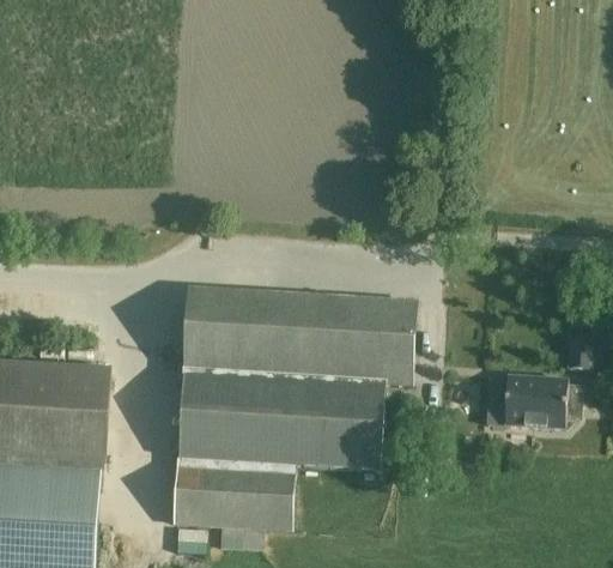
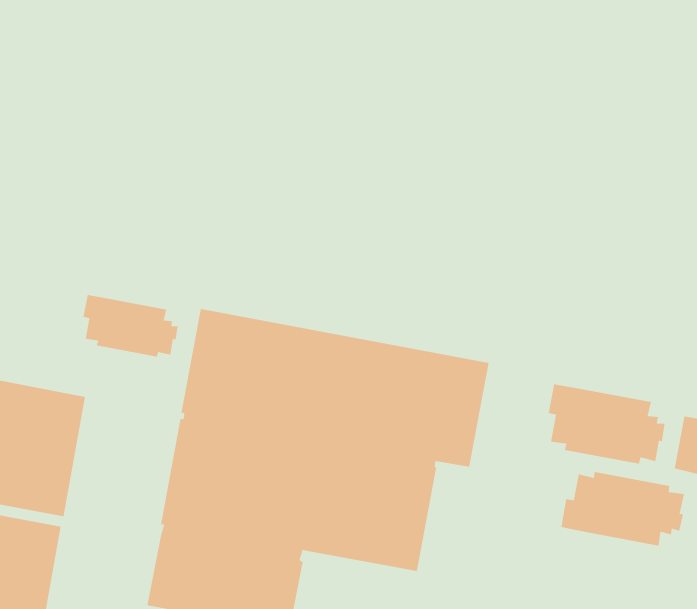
building: none -> [83,294,178,357]
building: none -> [548,383,665,464]

